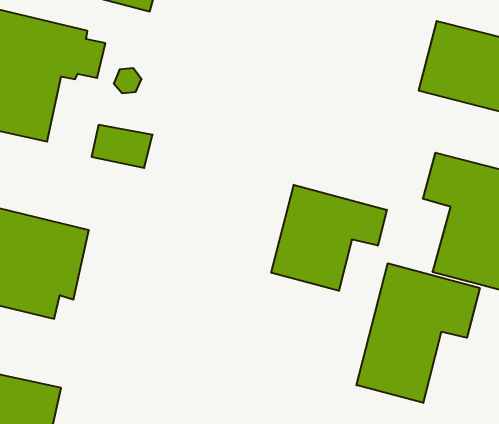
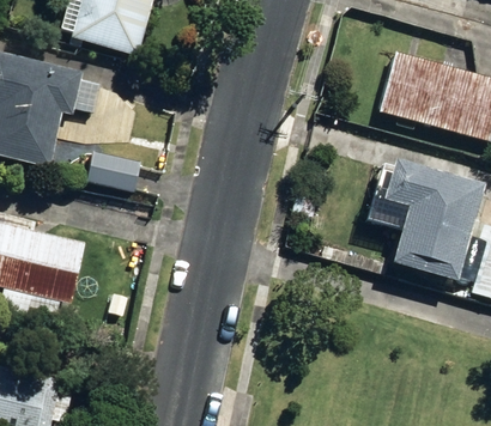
building: [271,185,387,291] -> none
building: [356,263,480,403] -> none

